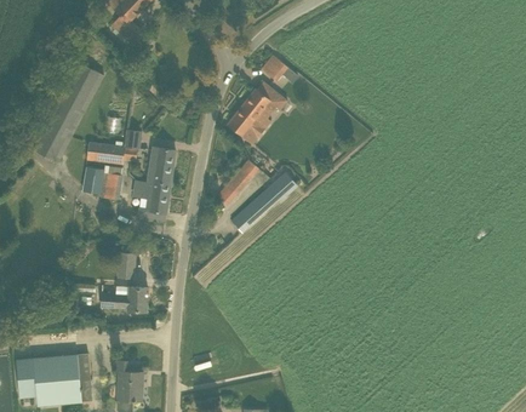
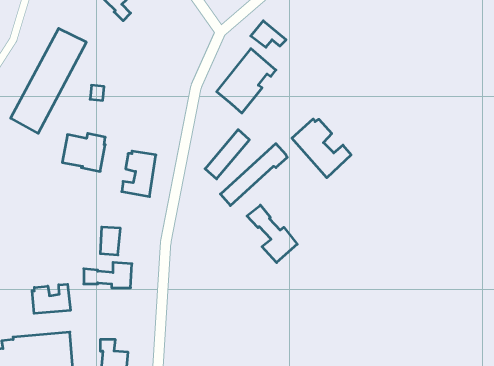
building: [85,128,141,164] -> none
building: [147,147,175,183] -> none
building: none -> [292,119,351,178]
building: none -> [247,205,297,263]
building: none -> [32,284,70,313]

